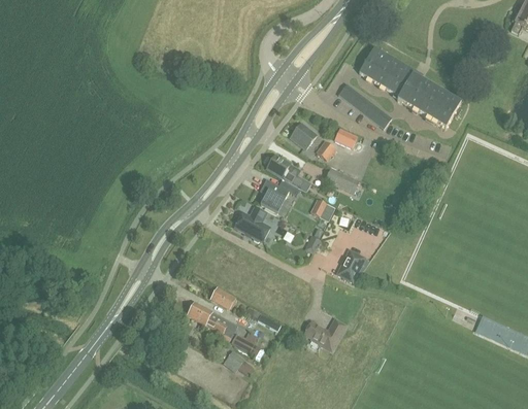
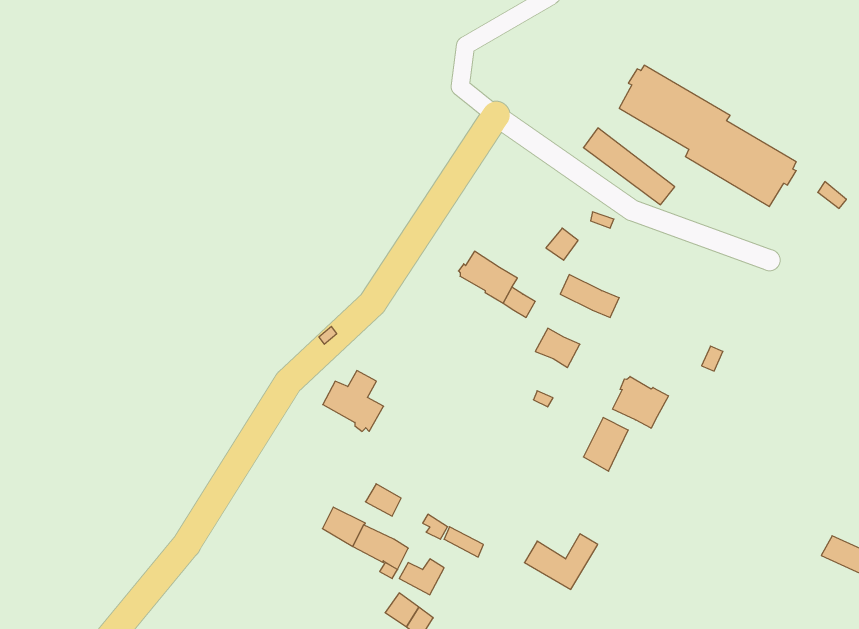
building: [290,123,318,149] -> none
building: [260,178,289,212] -> none
building: [235,207,270,242] -> [323,371,384,431]
building: none -> [613,376,668,428]

